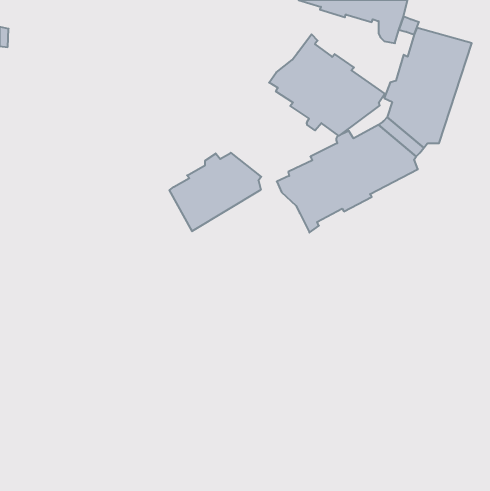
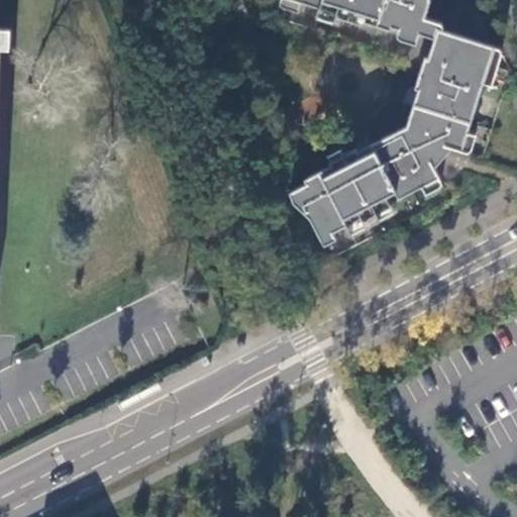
building: [269,34,385,136] -> none
building: [169,153,261,231] -> none

